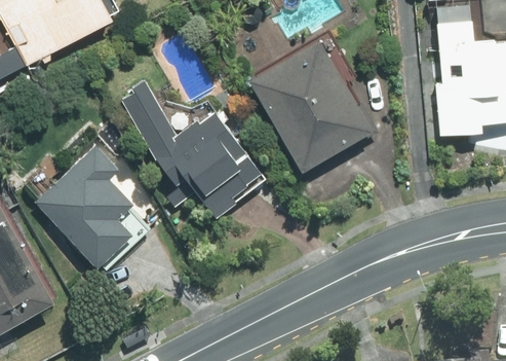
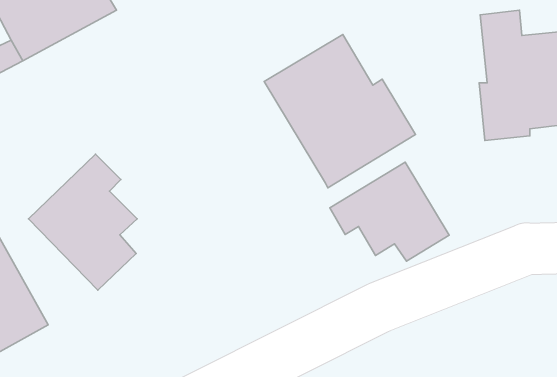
building: [122,80,265,216] -> none
building: none -> [330,162,449,261]

